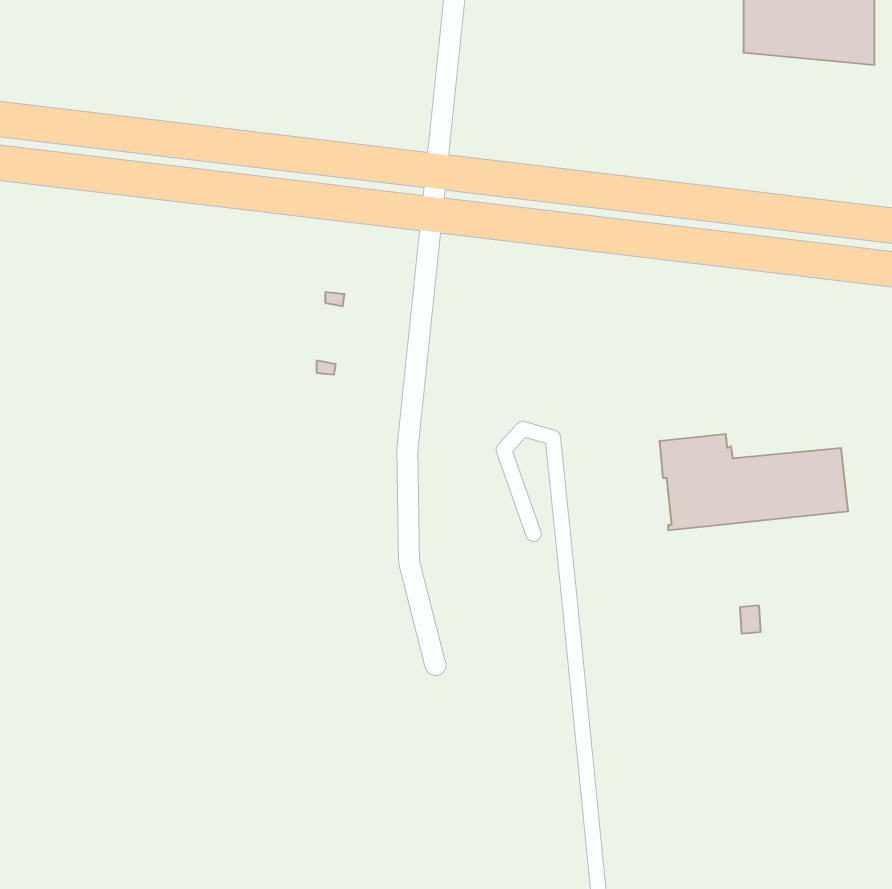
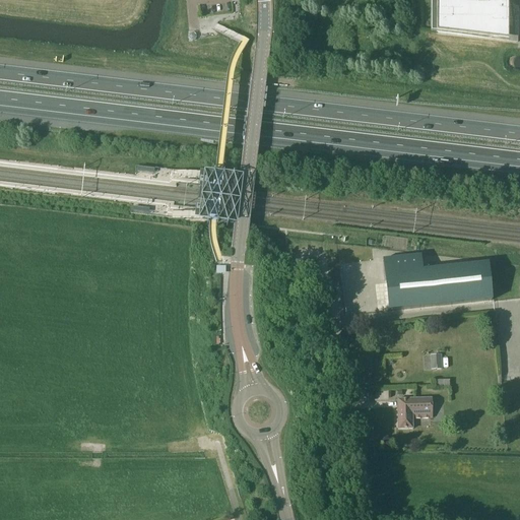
building: none -> [399,396,433,427]

